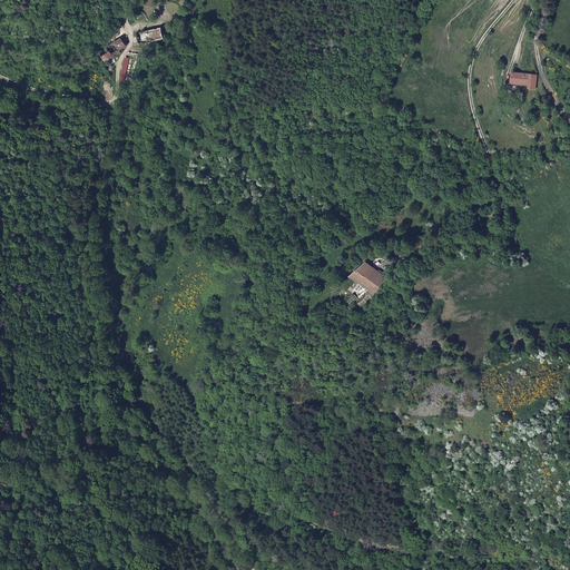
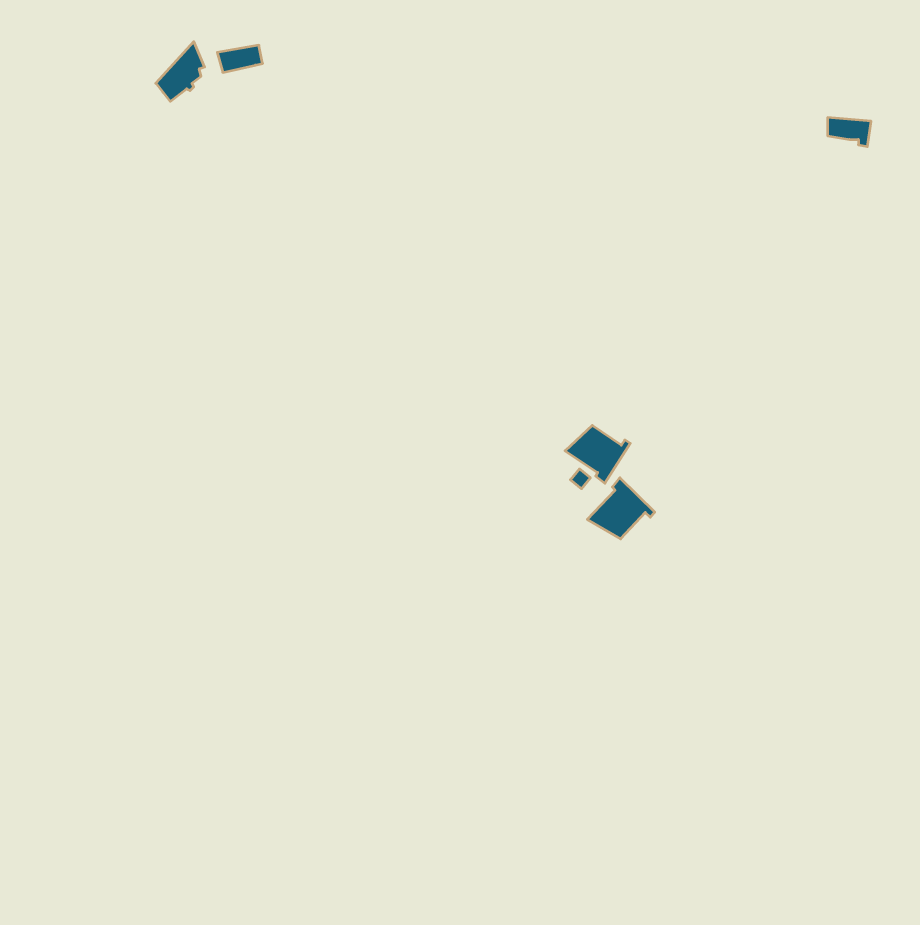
building: none -> [587,478,655,539]

